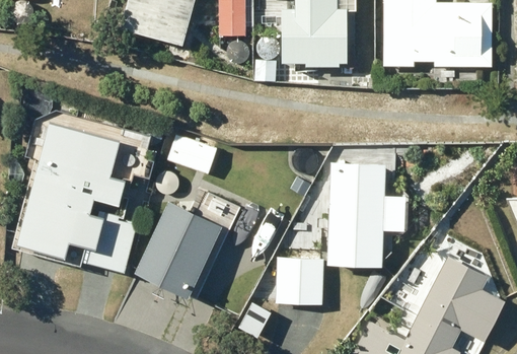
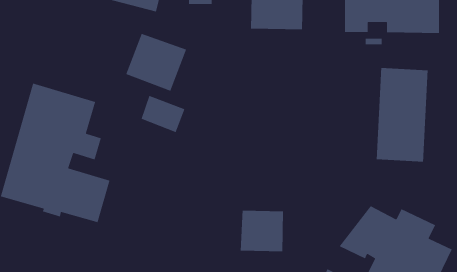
building: none -> [125,33,187,92]
building: [327,163,384,267] -> [376,67,429,163]
building: [135,201,229,298] -> none

